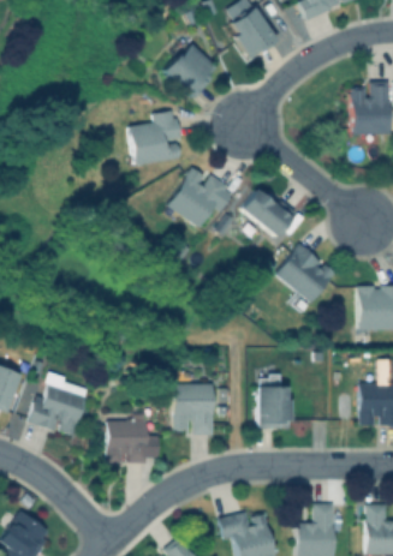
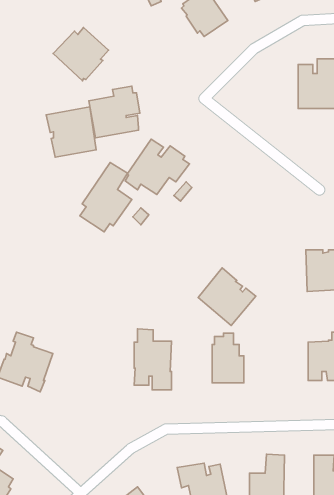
building: [159,42,218,98] -> [53,28,108,81]
building: none -> [46,107,96,157]
building: [240,189,297,238] -> none
building: none -> [80,163,132,232]
building: [275,241,337,303] -> [198,268,256,326]
building: [107,418,159,462] -> none

